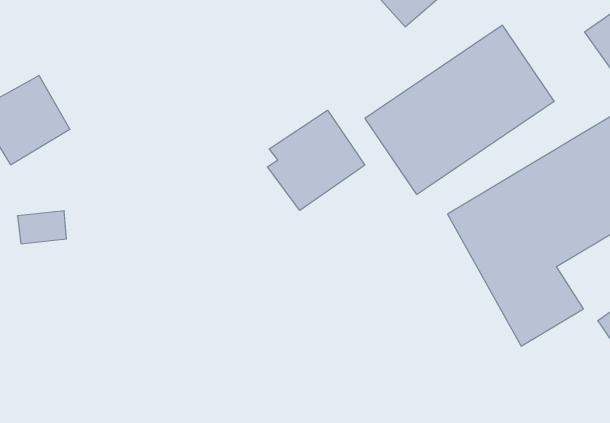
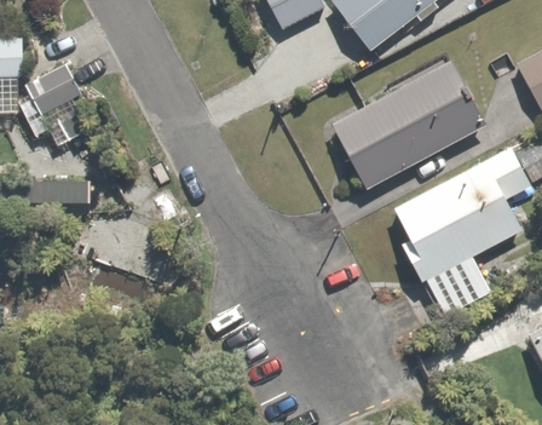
building: [267,110,365,210] -> none

